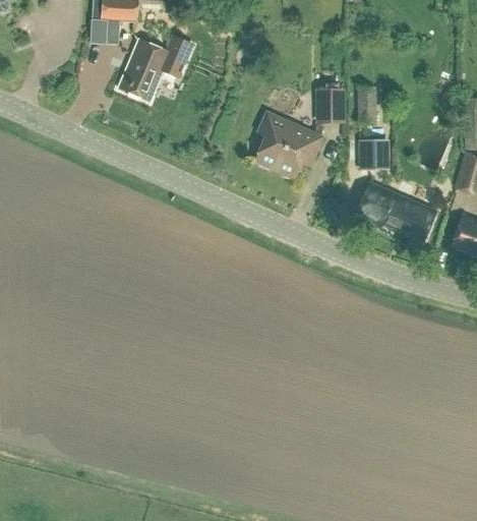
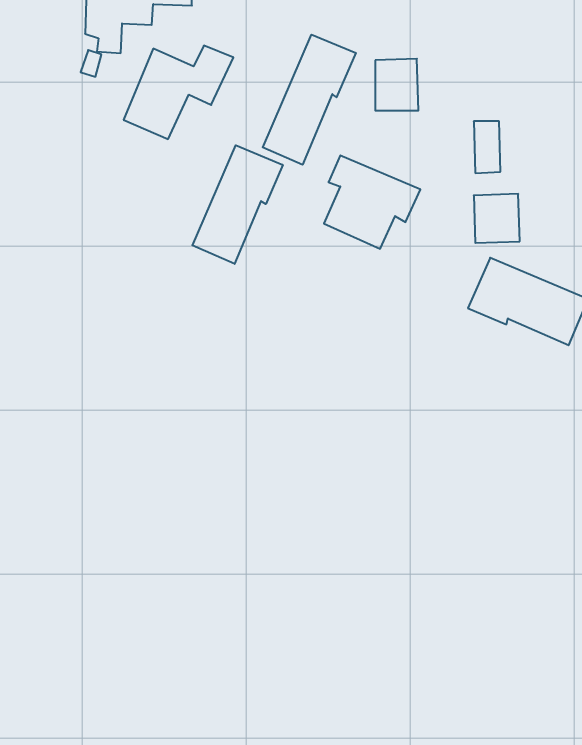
building: none -> [263,35,356,165]
building: [315,86,345,122] -> [375,59,418,111]
building: none -> [192,145,283,264]

